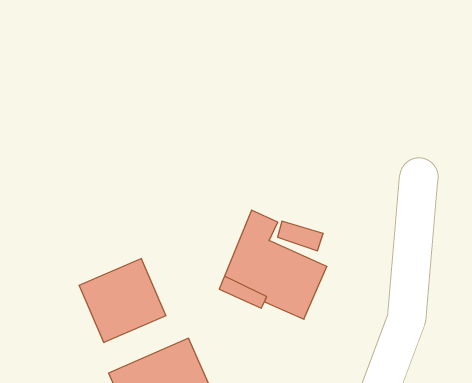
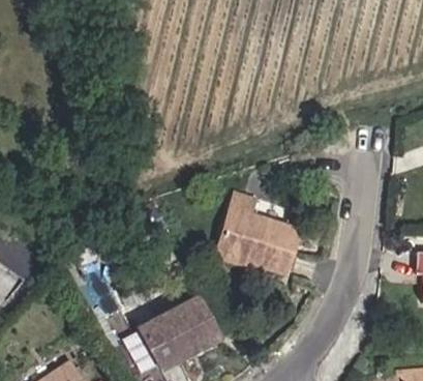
building: [79,258,166,343] -> none

